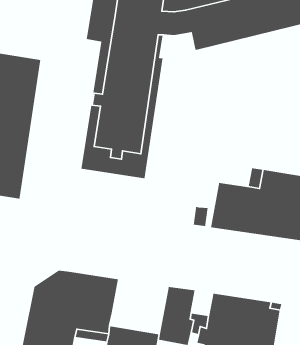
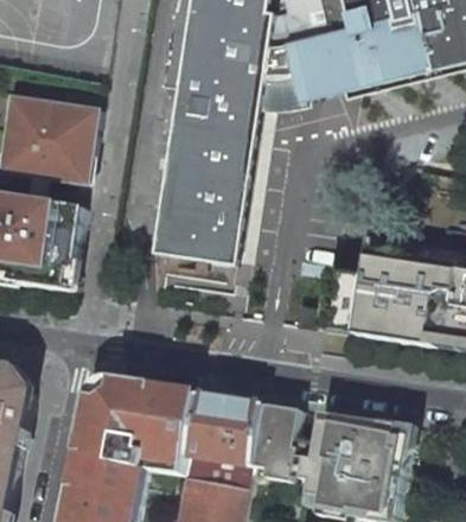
building: none -> [254,75,302,108]
building: none -> [189,394,264,465]

